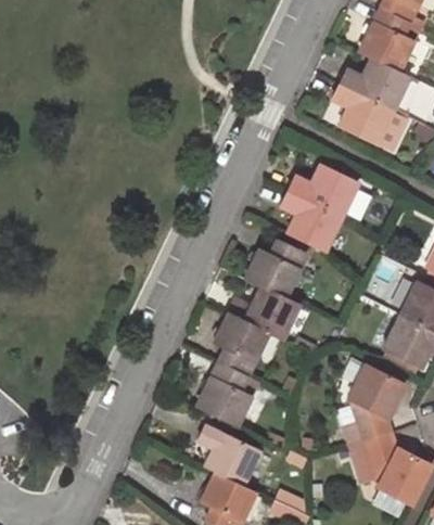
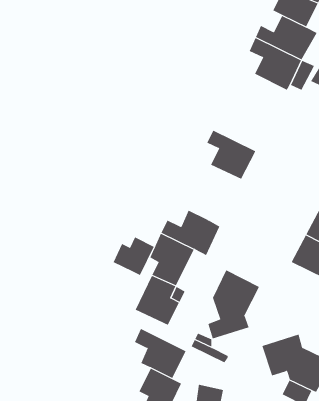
building: [291,164,357,216] -> none
building: [246,241,307,297] -> none
building: none -> [113,237,155,276]
building: [343,363,405,446] -> [207,270,260,339]

